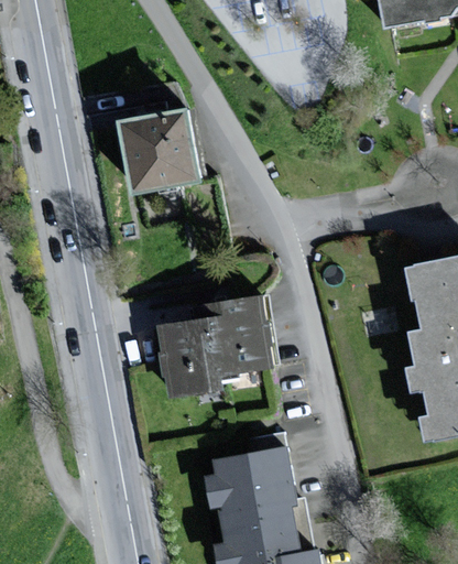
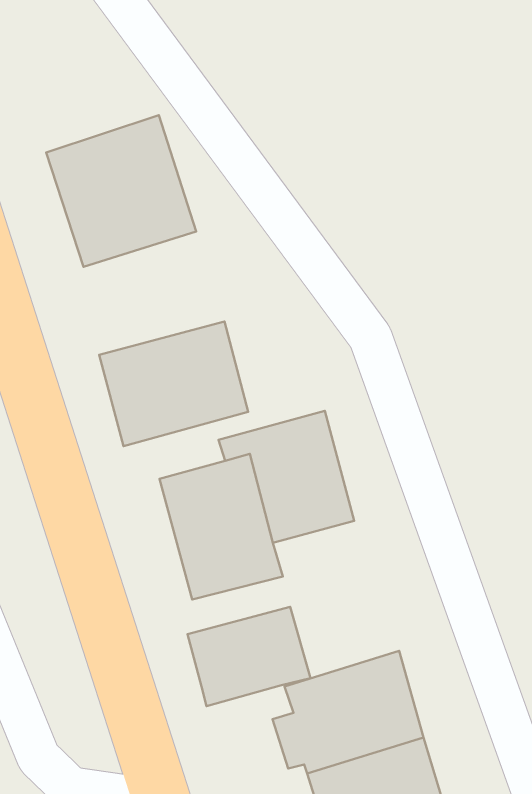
building: none -> [99,322,248,446]
building: none -> [188,607,311,706]

